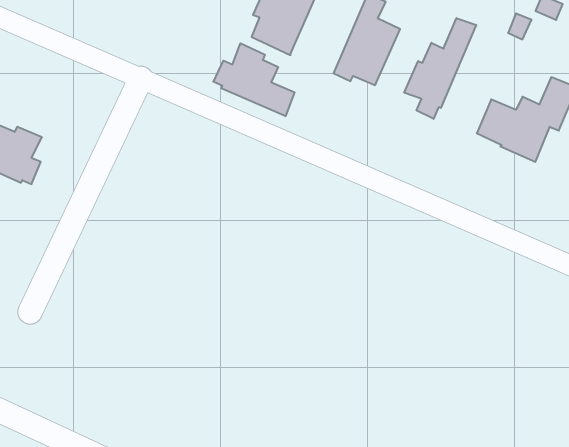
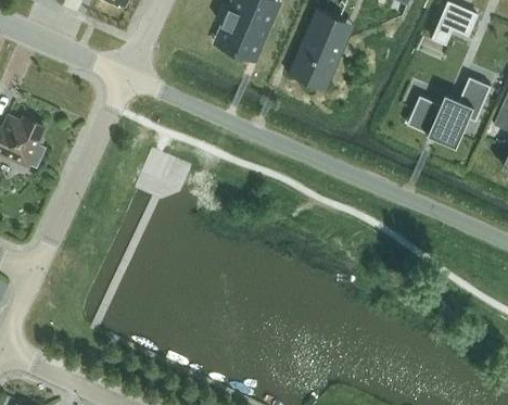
building: [404,18,476,119] -> none
building: [213,43,295,116] -> none

